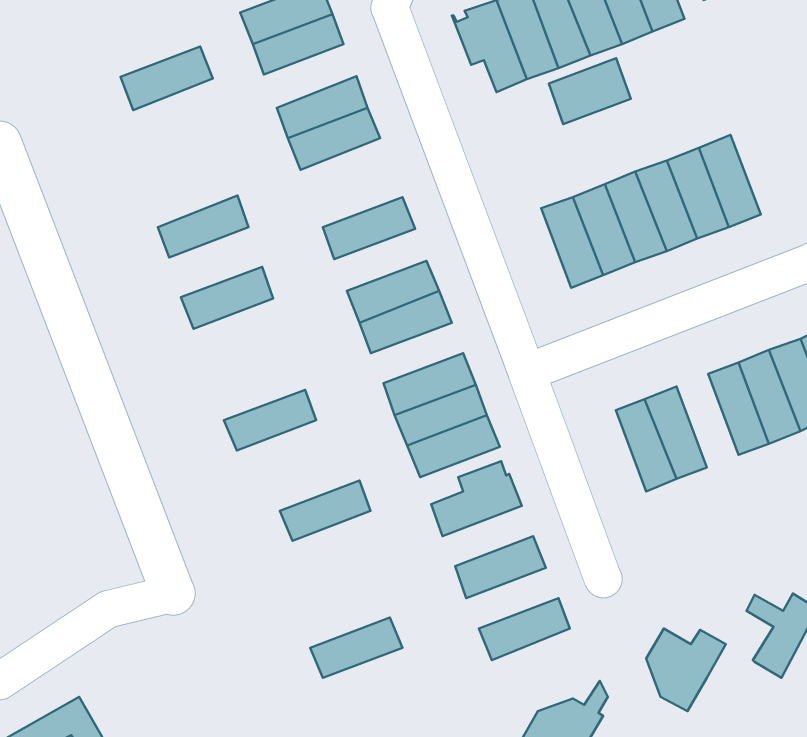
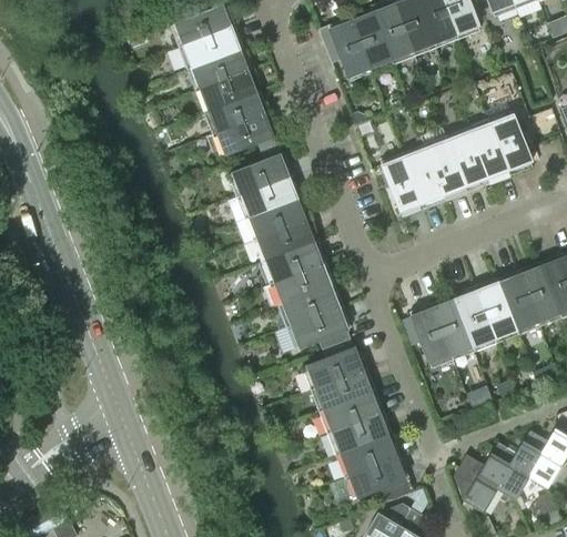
building: [120,47,213,110] -> [186,49,251,93]
building: [549,58,631,124] -> none
building: [158,195,249,258] -> [212,114,275,158]
building: [181,267,273,329] -> [235,178,300,221]
building: none -> [474,278,517,344]
building: [224,390,316,450] -> [261,243,325,285]
building: none -> [408,304,453,369]
building: [280,480,370,541] -> [311,371,374,413]
building: none -> [490,444,541,503]
building: [310,617,403,678] -> [327,414,392,456]
building: none -> [345,456,408,500]

